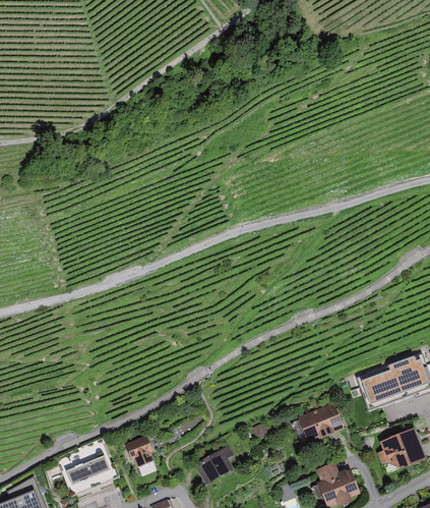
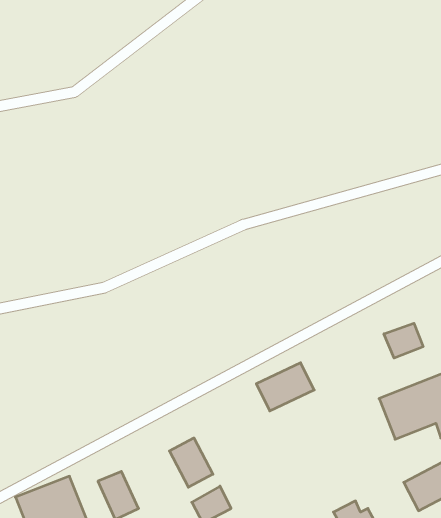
building: none -> [384,323,423,358]
building: [297,404,345,444] -> [256,363,314,411]
building: none -> [169,438,213,487]

